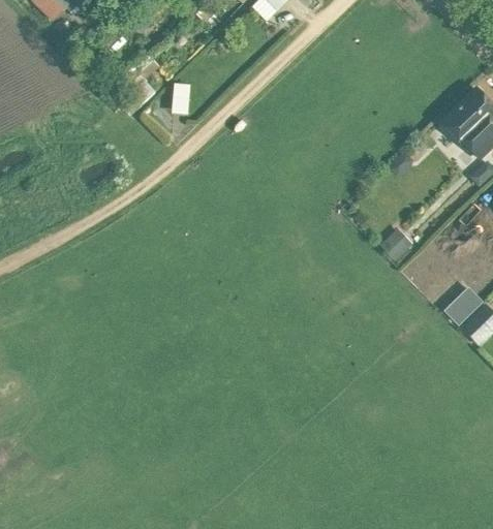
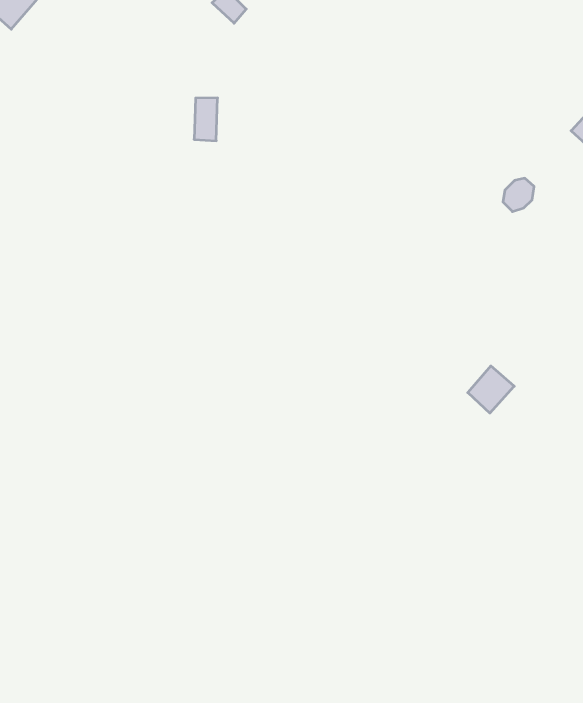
building: [380,227,413,260] -> [468,366,514,413]

